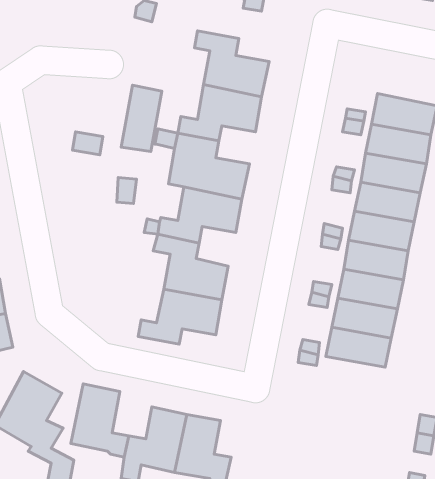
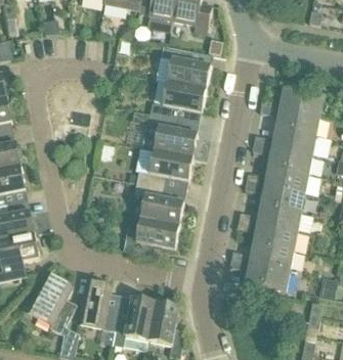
building: [121,85,162,152] -> none
building: none -> [246,263,289,290]

